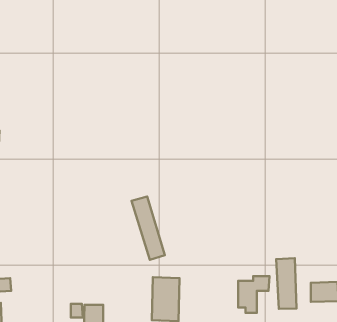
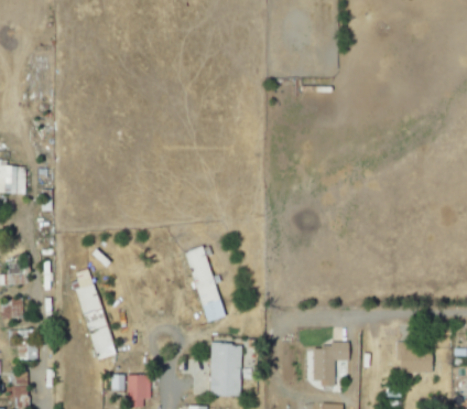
building: none -> [75,268,116,359]
building: [276,258,296,309] -> none

